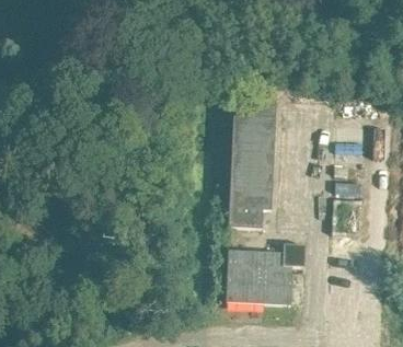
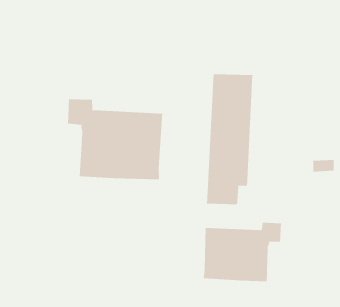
building: none -> [67,98,163,180]

